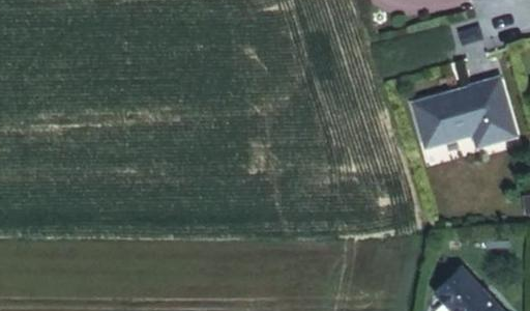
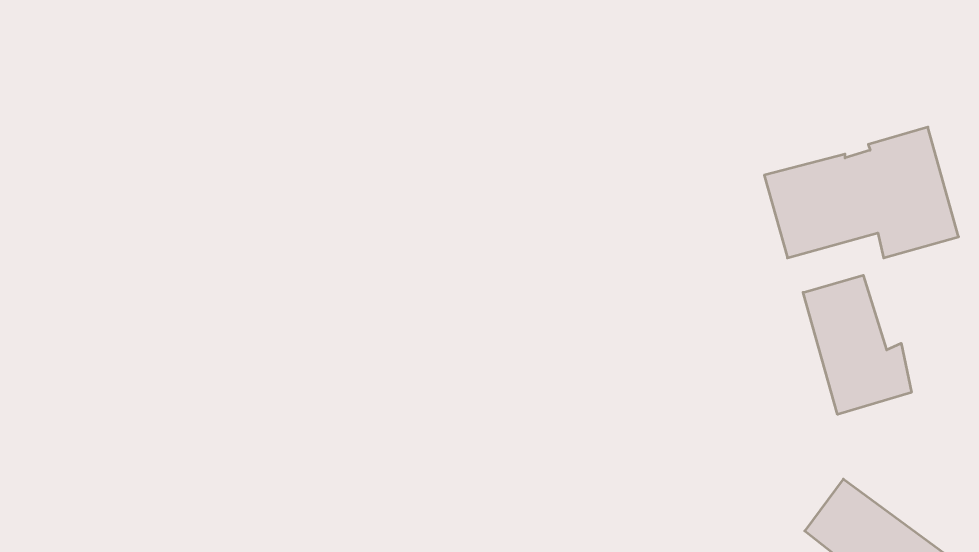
building: none -> [803,275,911,414]

